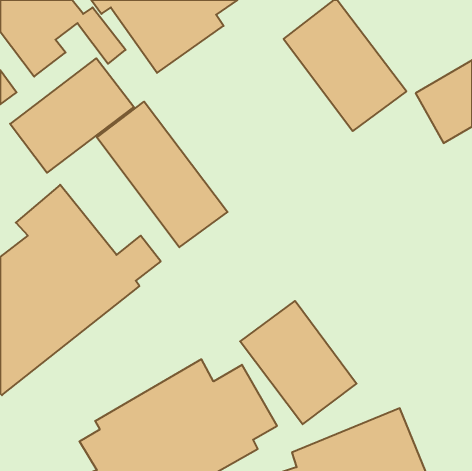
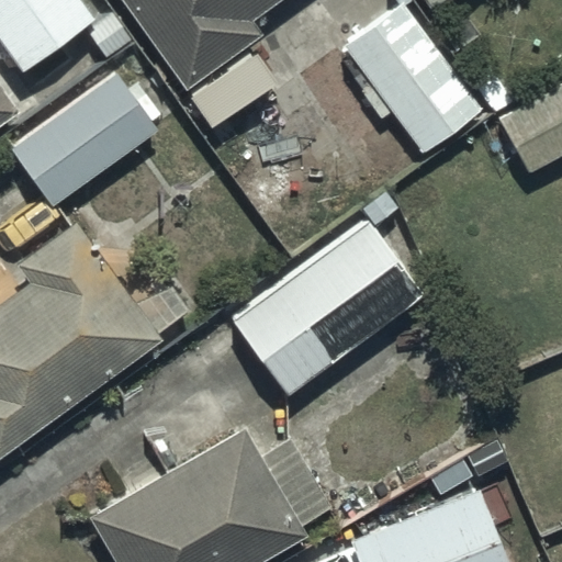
building: [97,102,228,247] -> none
building: none -> [228,189,419,393]
building: [240,301,357,424] -> none

